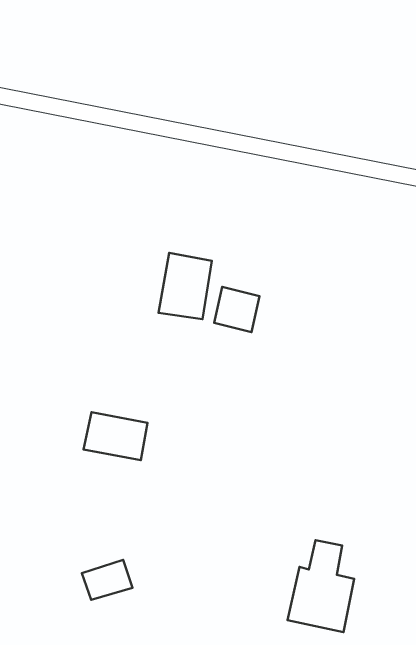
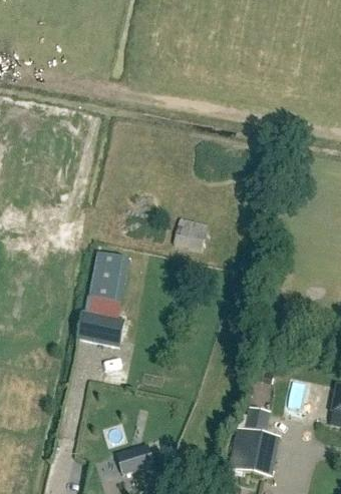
building: [158,253,212,319] -> [89,254,129,304]
building: [82,560,132,600] -> [115,445,153,475]

